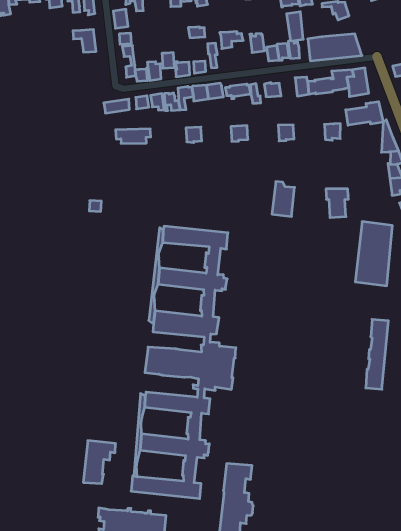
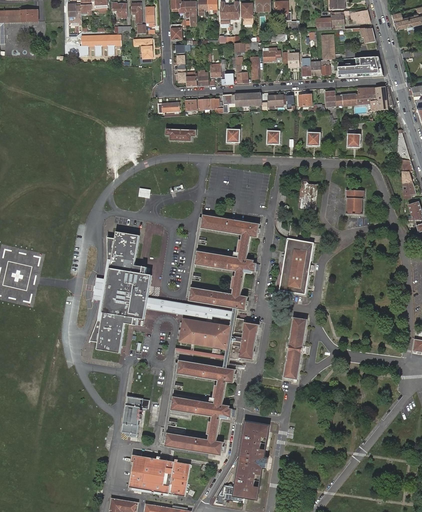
building: none -> [81,32,121,46]
building: [346,102,383,125] -> none
building: [355,222,392,286] -> [278,237,313,294]
building: none -> [91,230,232,352]
building: [366,319,388,389] -> [284,314,307,375]

